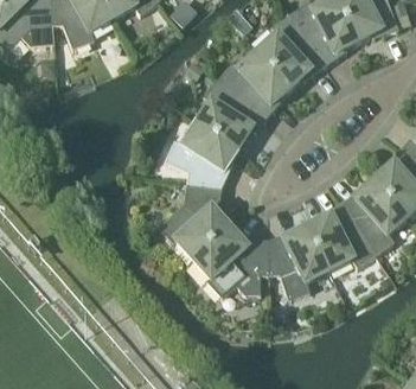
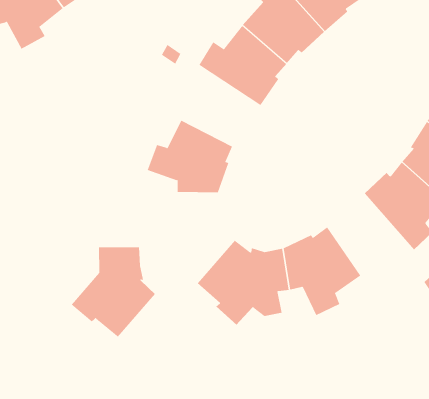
building: [197,79,264,151] -> none
building: [158,183,229,260] -> [71,247,156,338]
building: [307,203,376,270] -> none

